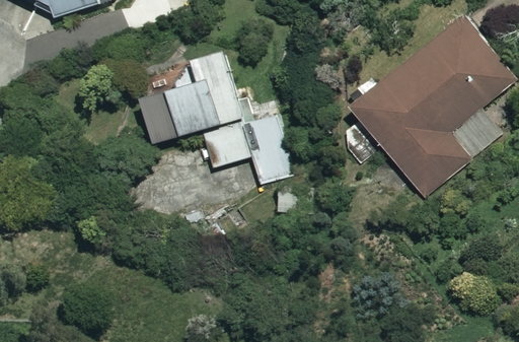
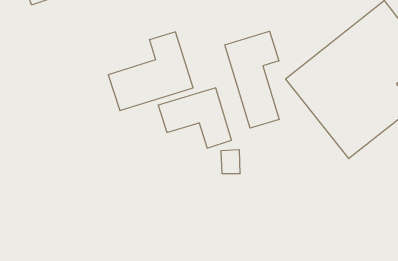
building: none -> [225,31,279,128]

